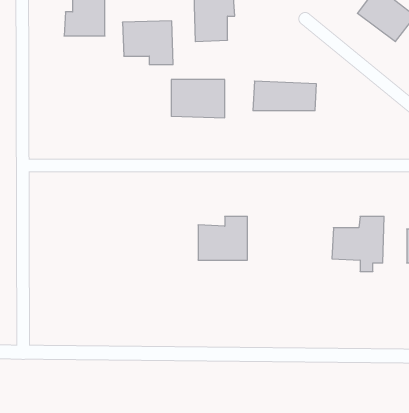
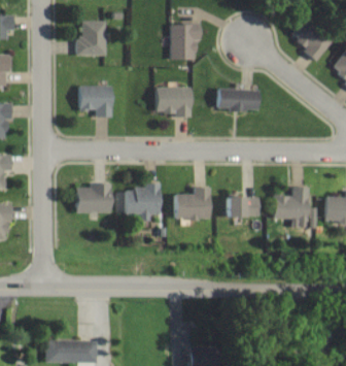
building: [122,21,173,65] -> [77,85,114,117]
building: none -> [124,182,164,221]
building: none -> [73,185,115,212]
building: none -> [223,196,260,217]

